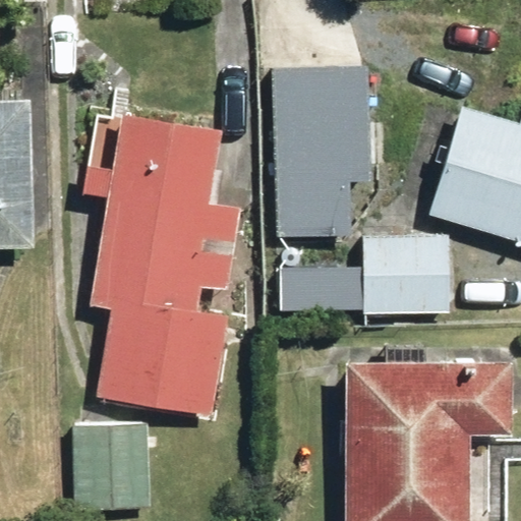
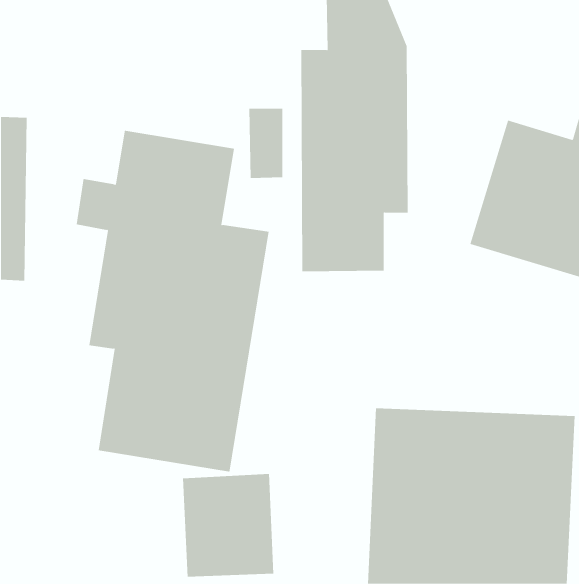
building: [359,233,449,313] -> none
building: [71,418,153,510] -> [182,474,274,577]

